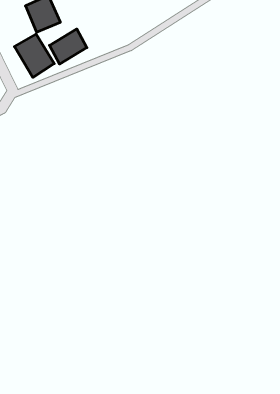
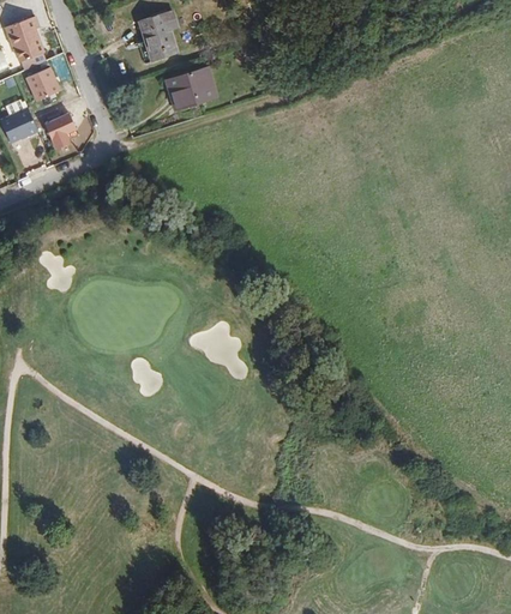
building: [14,34,54,77] -> none

